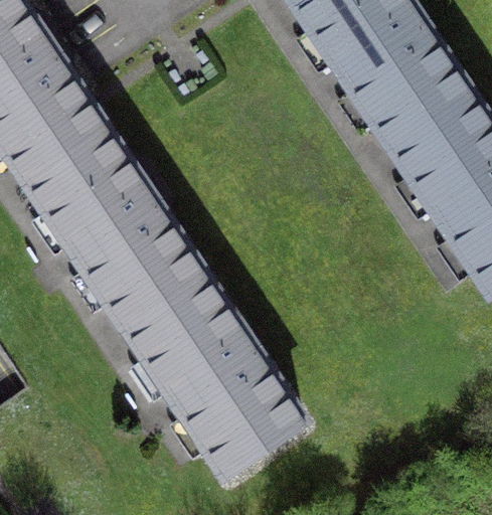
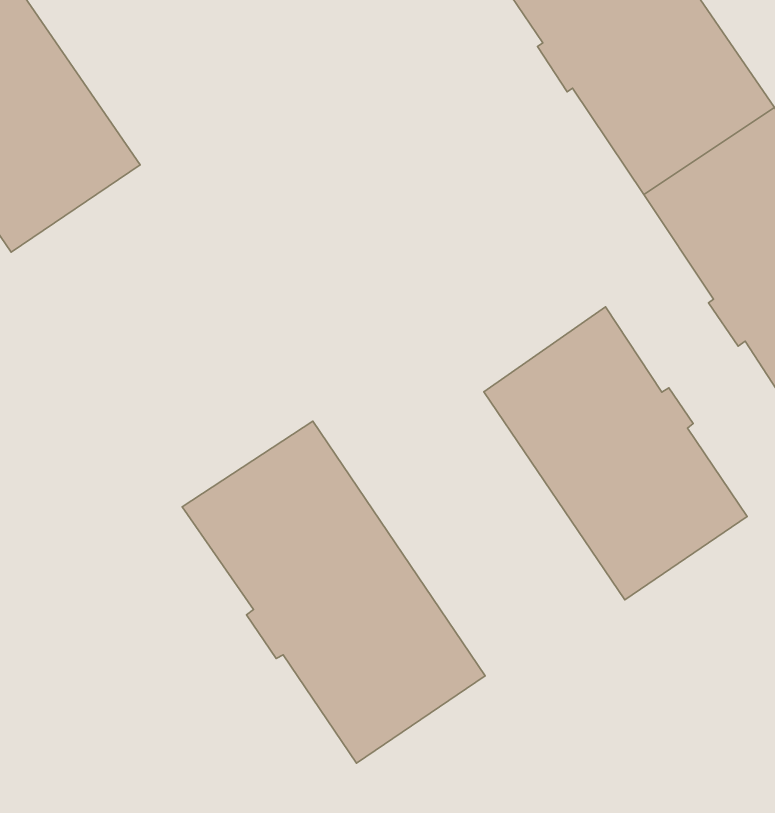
building: [29,130,203,327] -> none
building: none -> [484,307,747,600]

